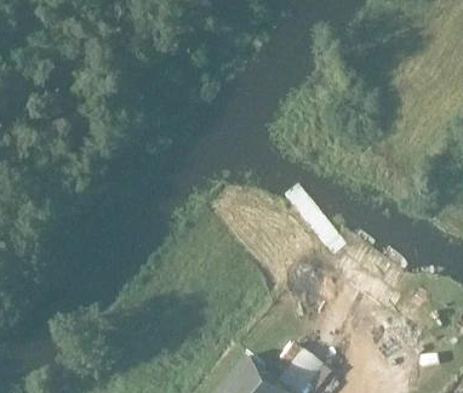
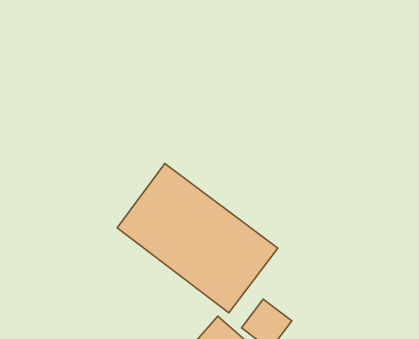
building: none -> [117,164,278,313]

